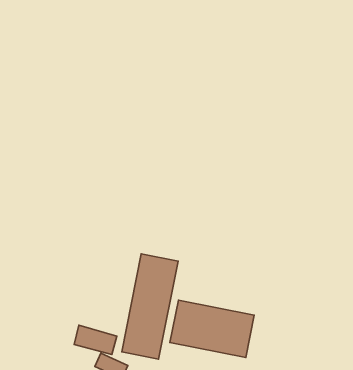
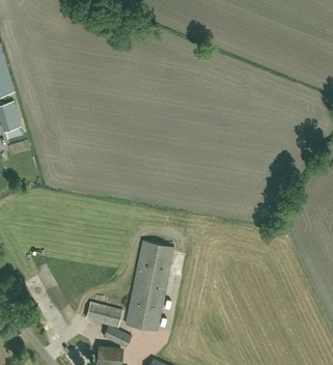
building: [170,300,254,358] -> none

